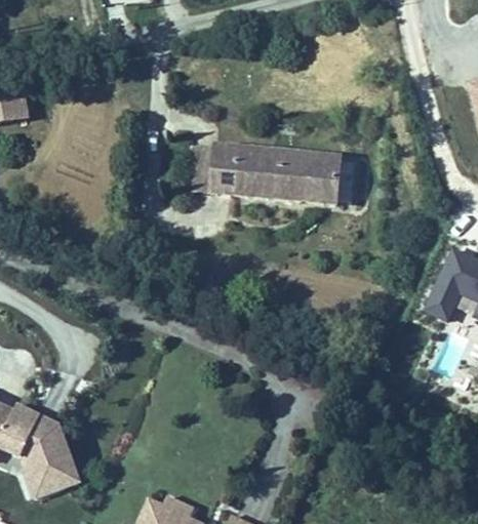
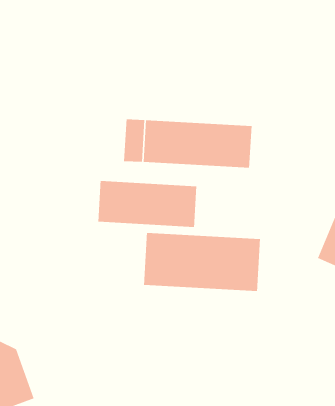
building: none -> [98,180,197,228]
building: none -> [144,232,260,292]

